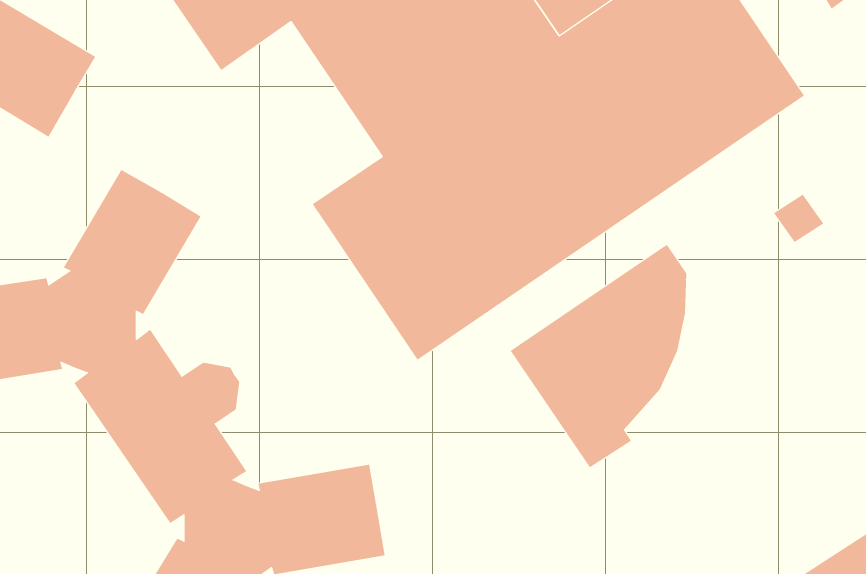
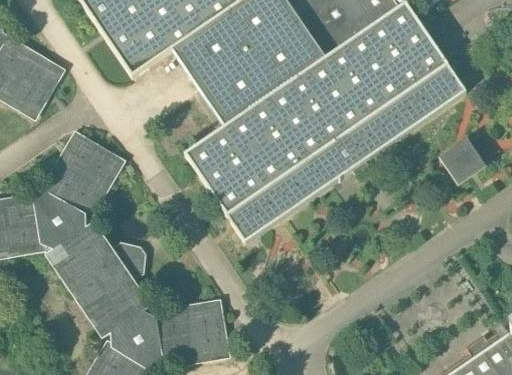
building: [510,244,687,468] -> none

